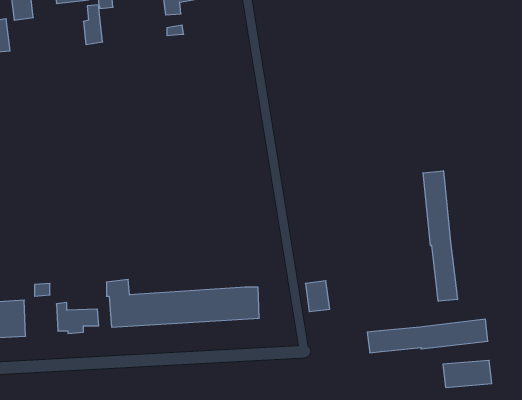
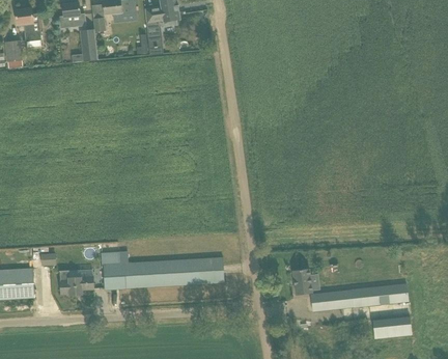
building: [423,171,457,301] -> none
building: [305,281,330,312] -> [291,269,311,294]

